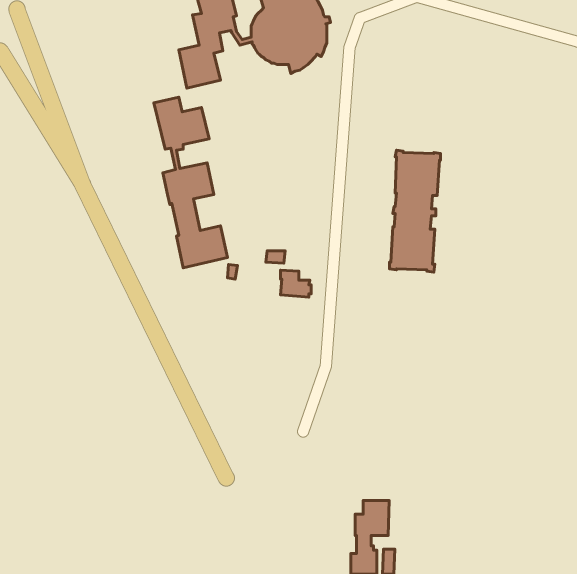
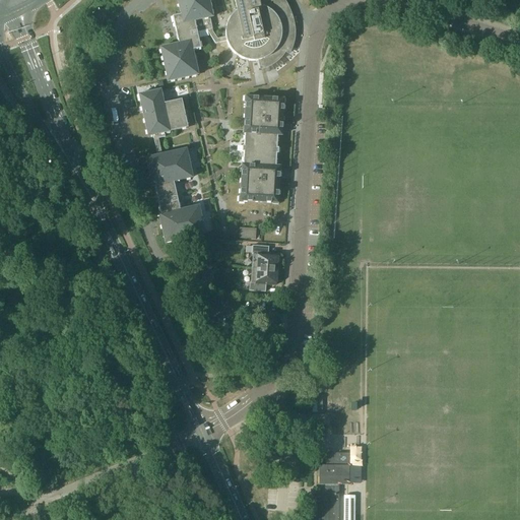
building: [390,150,441,272] -> [240,92,285,202]
building: none -> [250,265,279,289]

